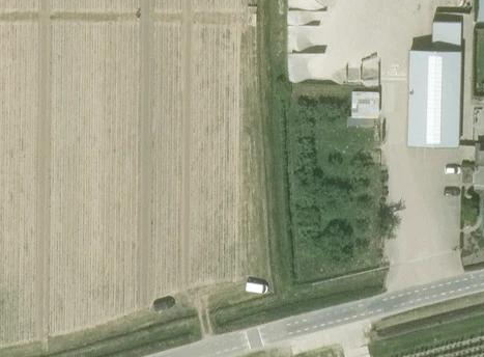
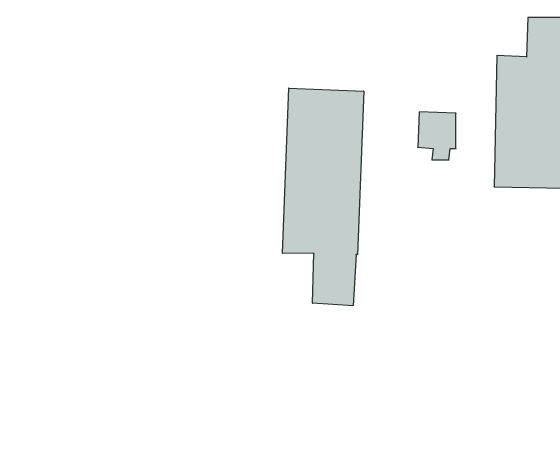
building: none -> [282,88,364,306]

